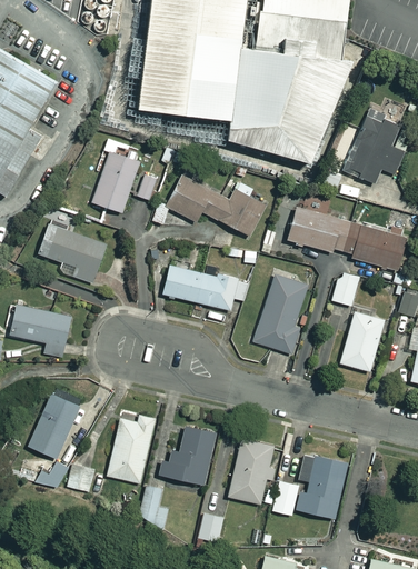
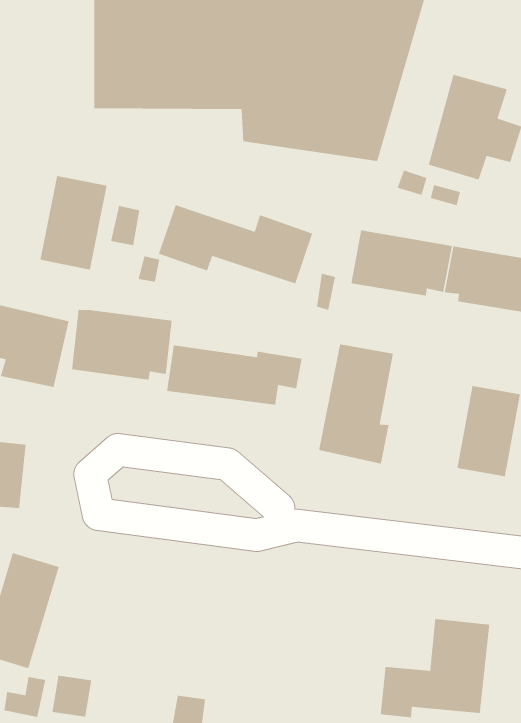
building: none -> [71,309,172,380]
building: [331,271,359,306] -> none
building: [106,411,155,483] -> none
building: [160,423,218,483] -> none
building: [227,439,276,503] -> none

